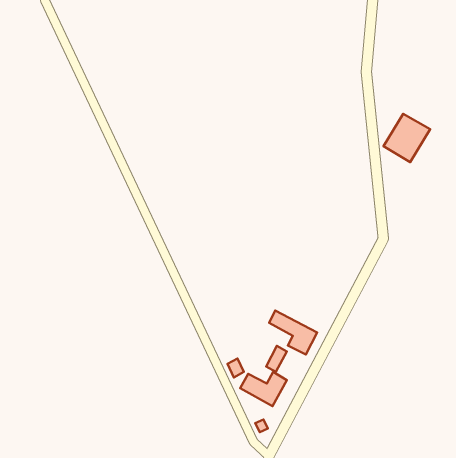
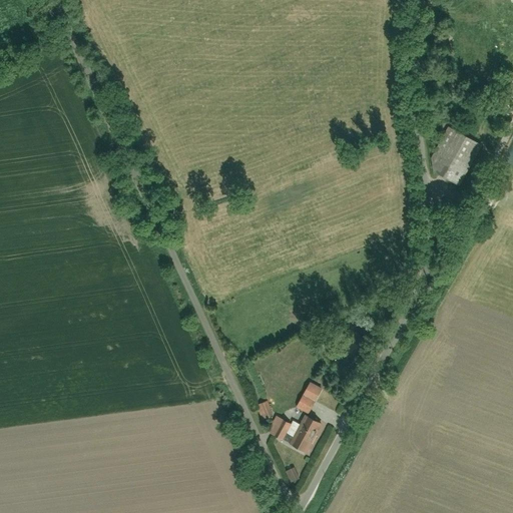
building: [269,311,317,354] -> none

